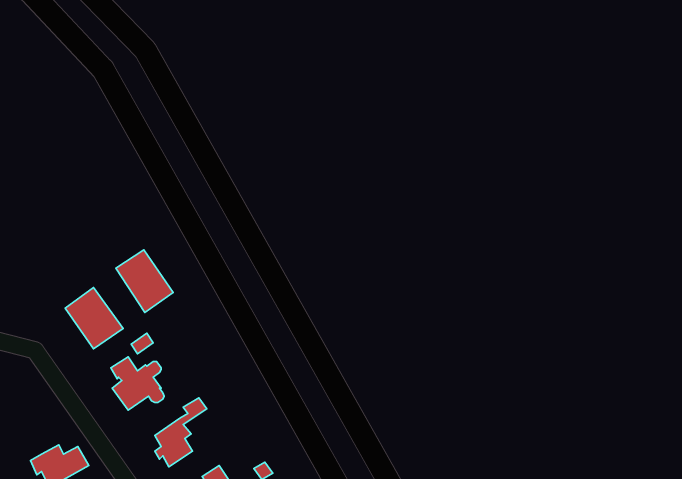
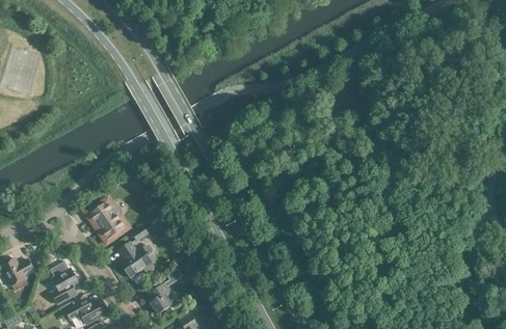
building: [116,250,173,312] -> none
building: none -> [50,265,78,304]

